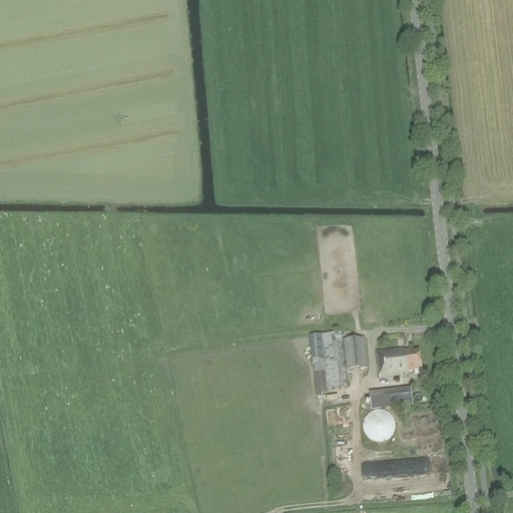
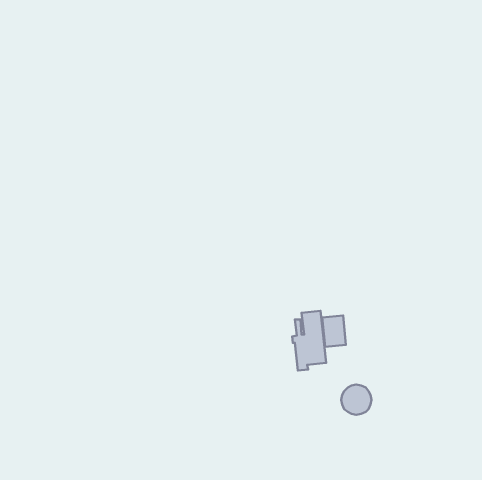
building: [377,346,420,375] -> none
building: [369,387,412,408] -> none

